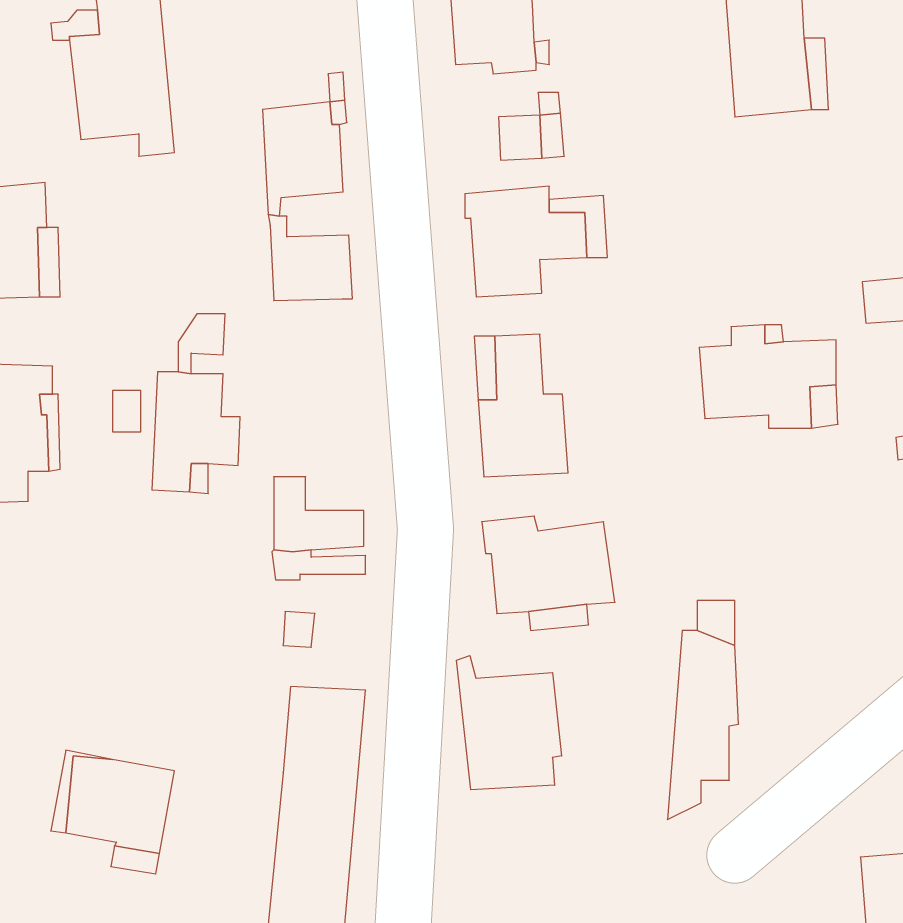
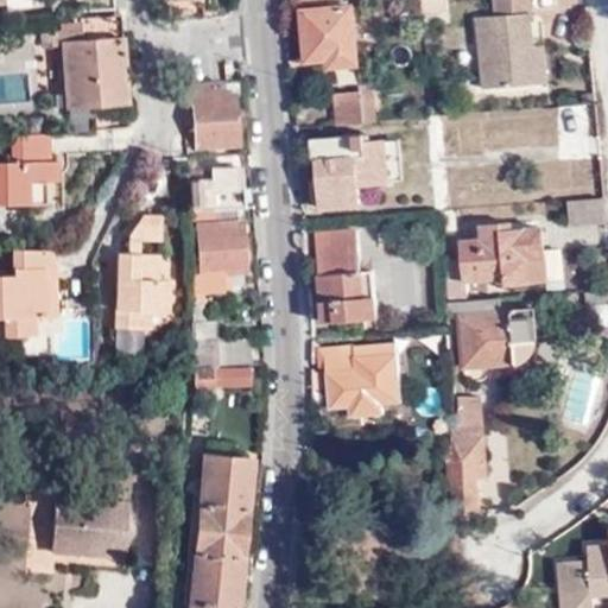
building: none -> [191,209,247,294]
building: none -> [446,306,532,369]
building: [456,656,562,790] -> none

